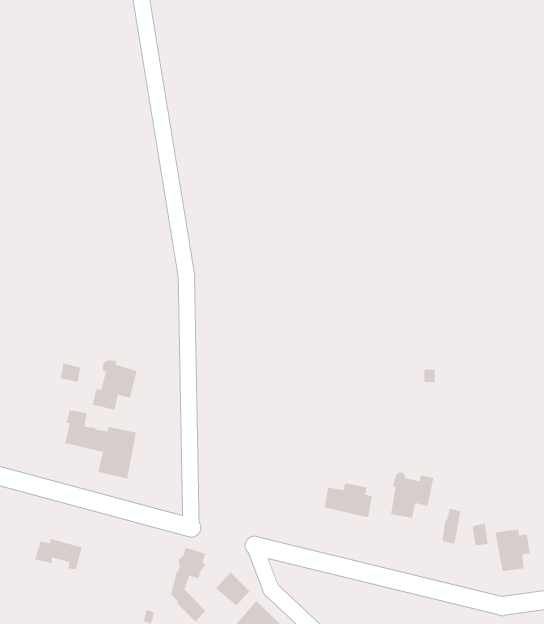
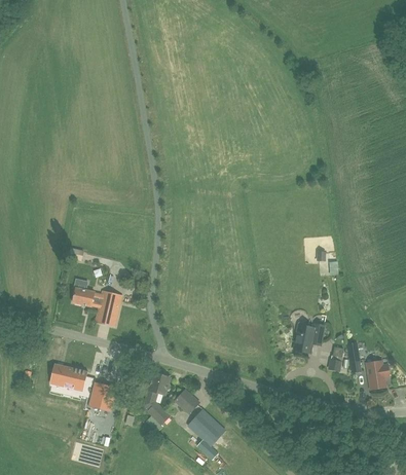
building: [92,360,137,410] -> none
building: [324,482,372,518] -> none
building: none -> [88,382,116,412]

